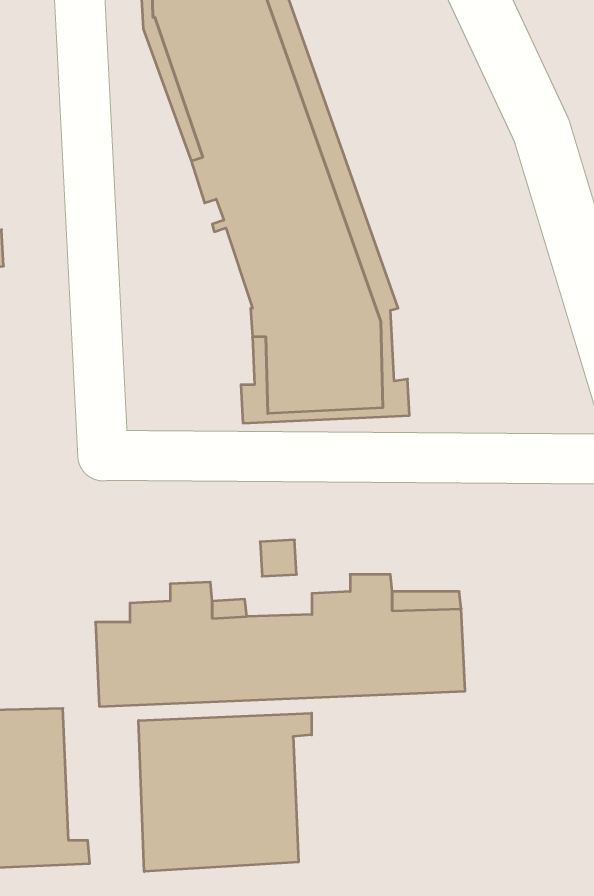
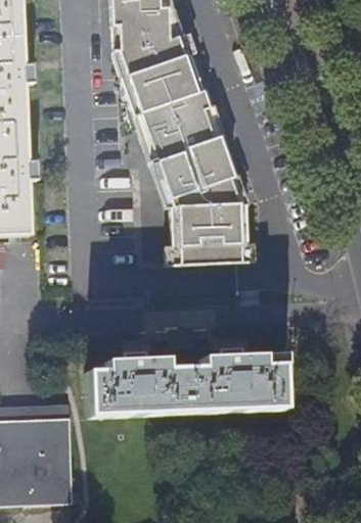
building: [139,713,312,872] -> none

